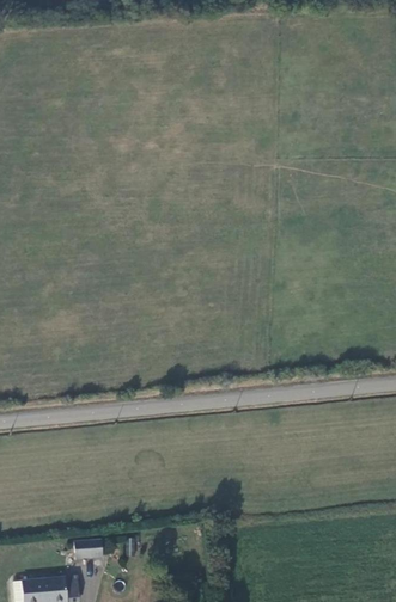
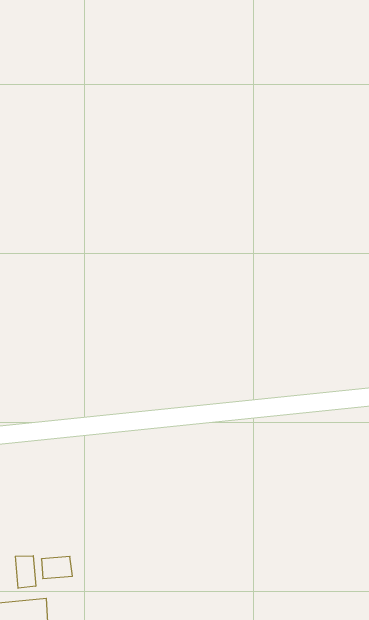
building: none -> [15,556,36,588]

